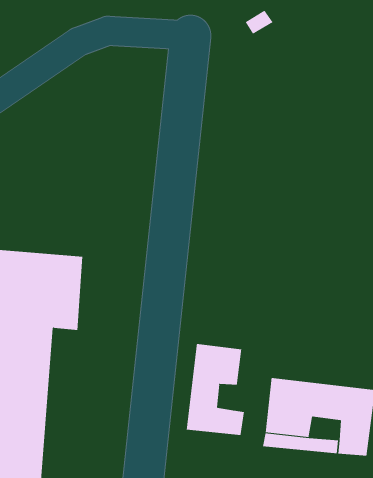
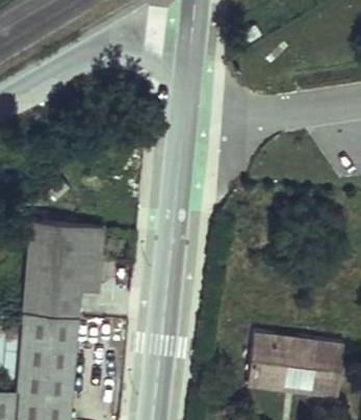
building: [186,343,245,436] -> none

